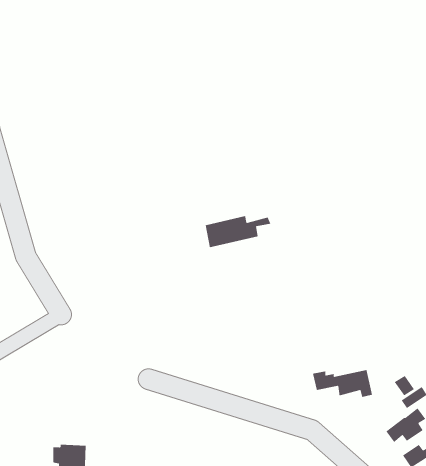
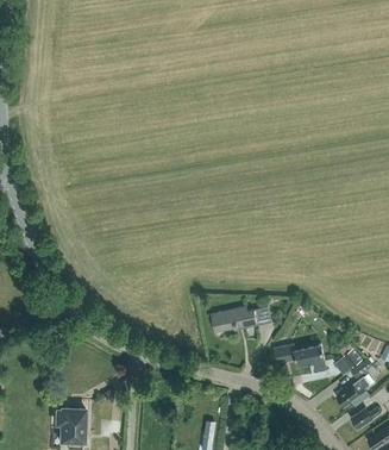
building: [205,215,271,248] -> [212,306,268,333]

